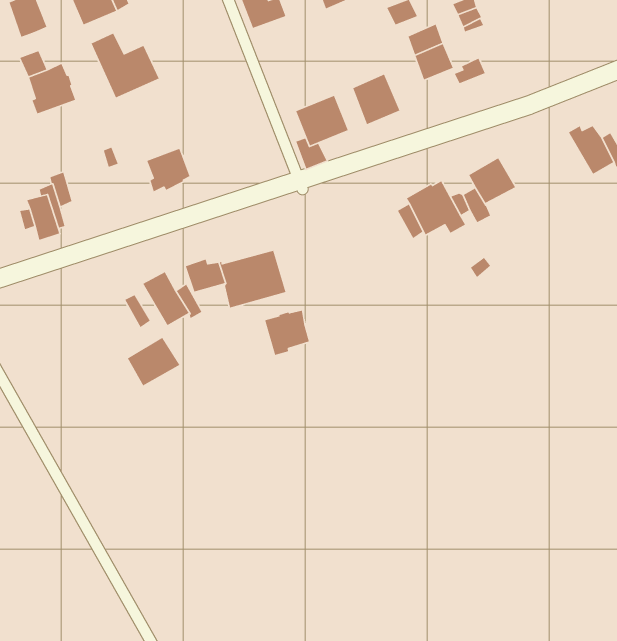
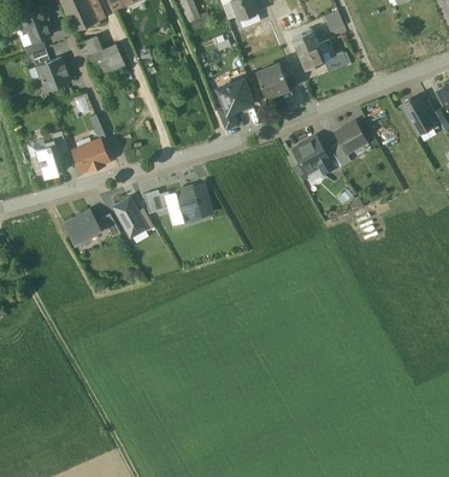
building: [146,148,191,193] -> [77,140,107,170]
building: [264,310,310,356] -> none
building: [127,337,180,387] -> [65,208,101,242]

